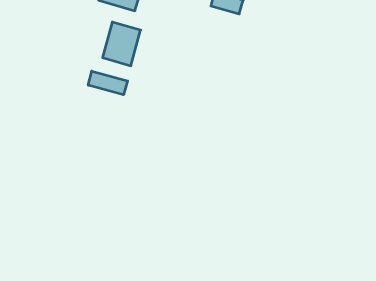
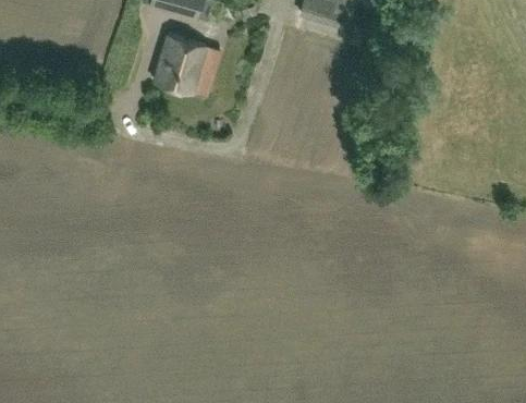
building: [88,71,128,95] -> none

